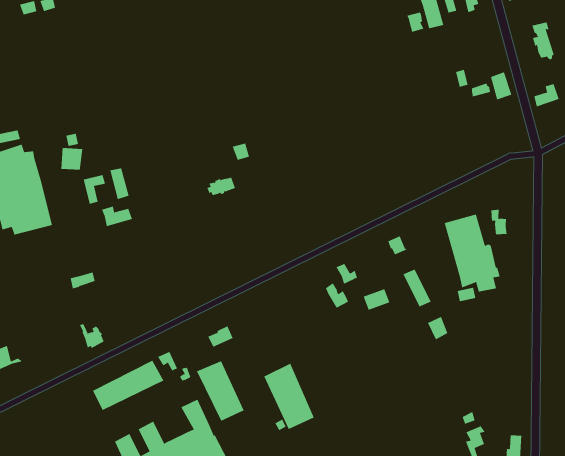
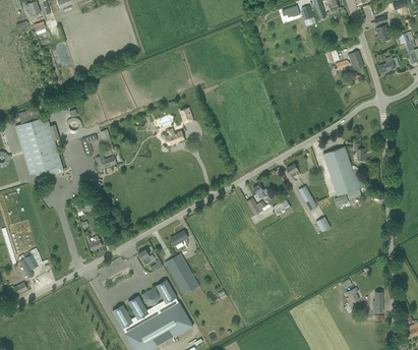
building: [92,360,164,411] -> none
building: [263,363,314,430] -> none

